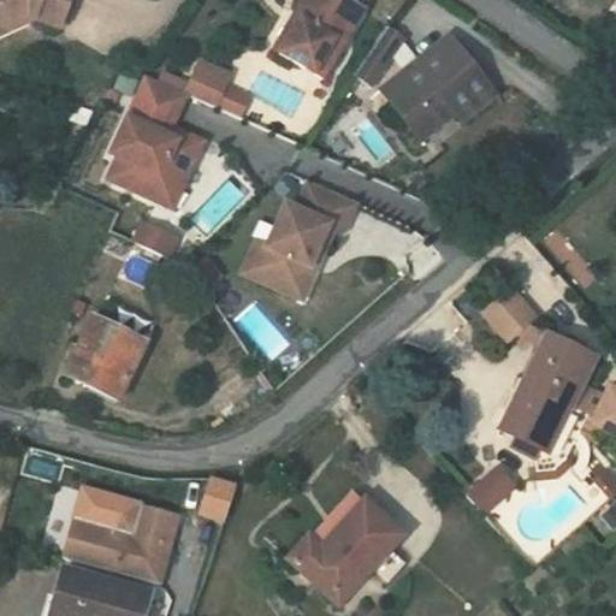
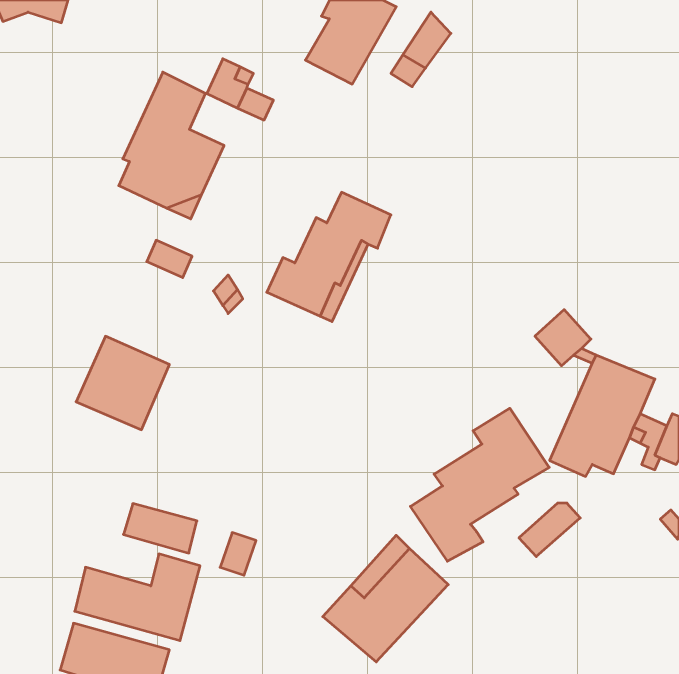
building: [380,35,492,137] -> none
building: none -> [410,408,549,561]
building: [77,491,143,535] -> [123,504,197,553]

